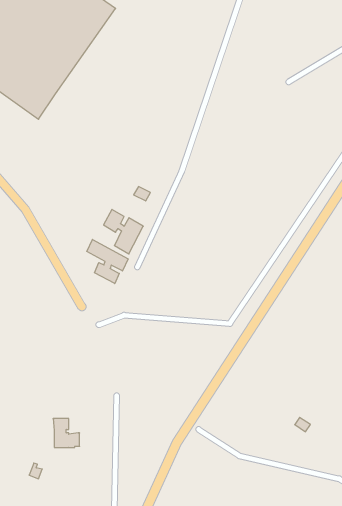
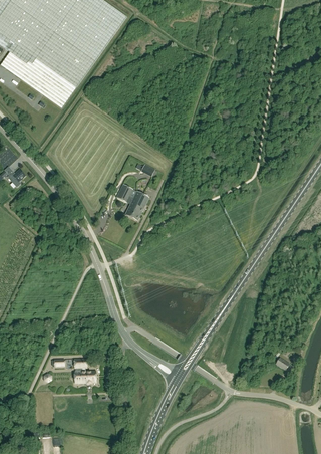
building: [87,239,128,284] -> none

